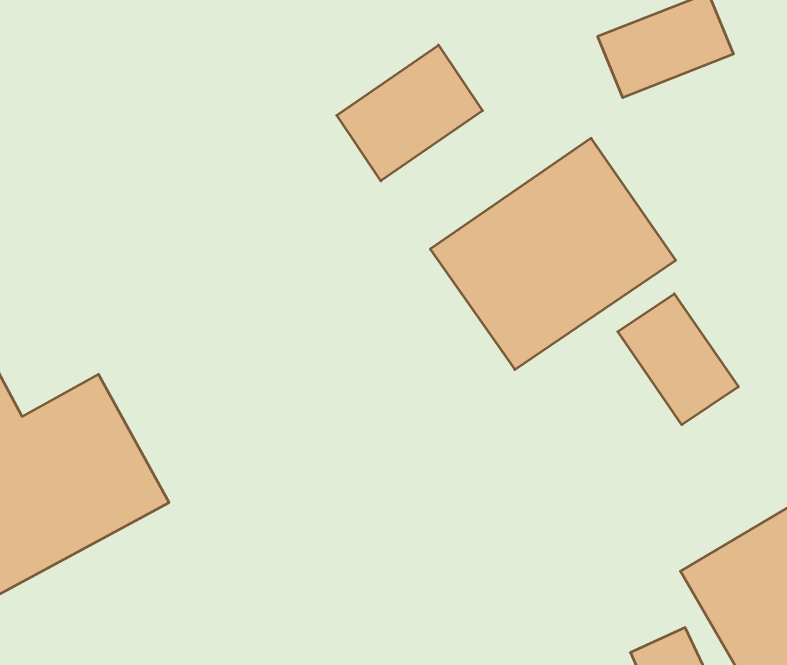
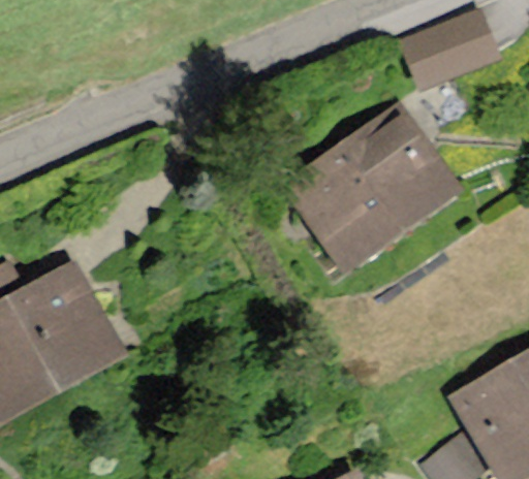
building: [337,45,483,181] -> none
building: [618,294,738,425] -> none

